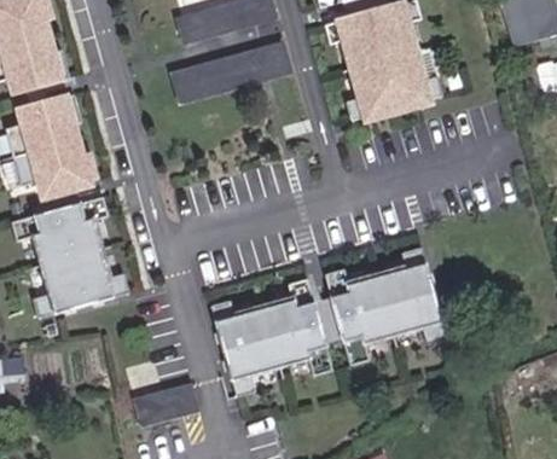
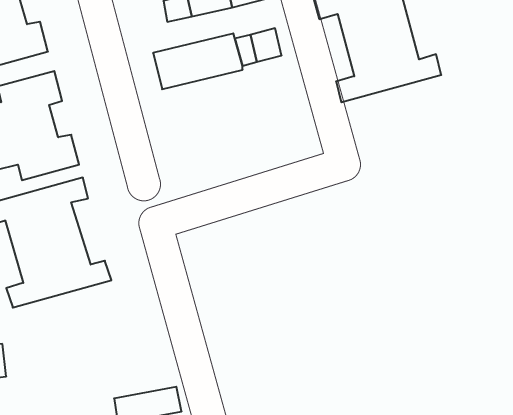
building: [327,251,443,362] -> none
building: [211,275,330,388] -> none

